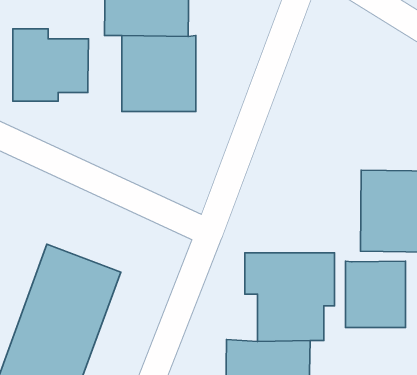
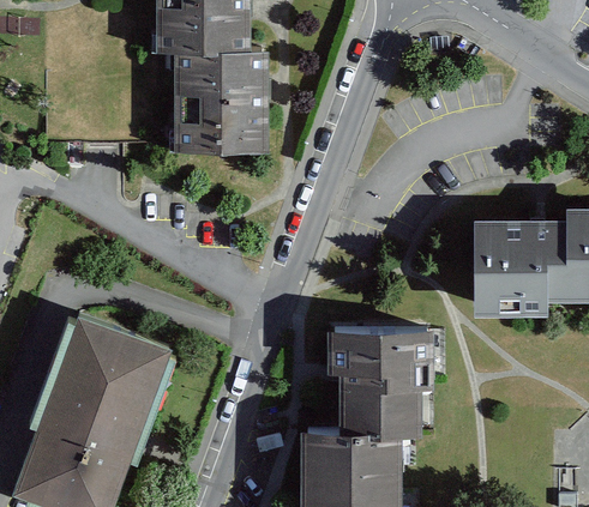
building: [13,29,89,101] -> none
building: [346,261,406,328] -> none

